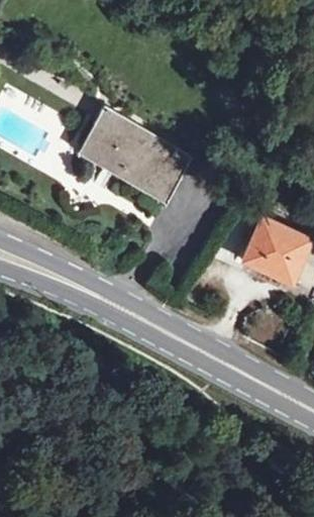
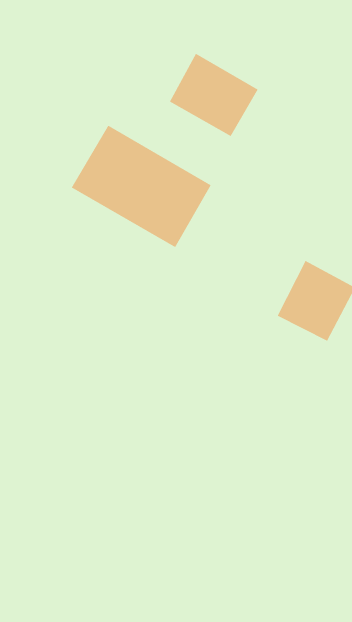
building: none -> [169,53,258,137]

